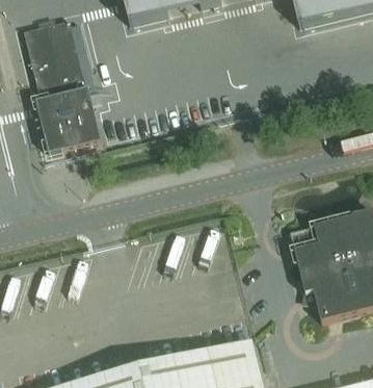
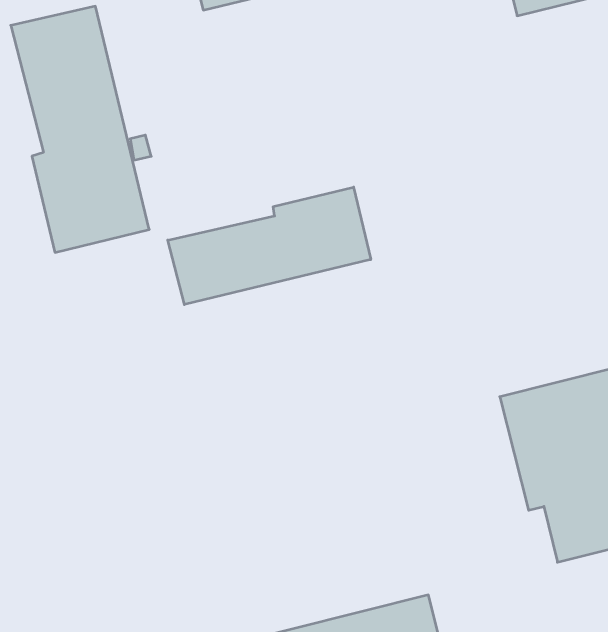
building: none -> [168,187,371,305]

